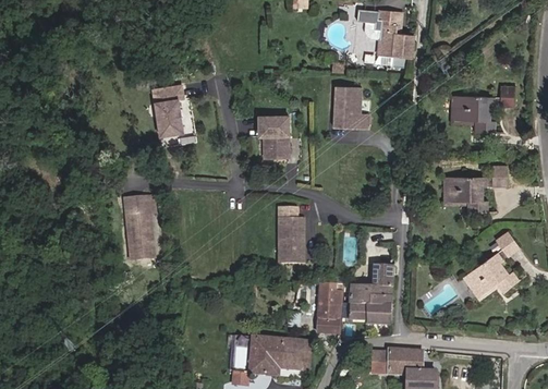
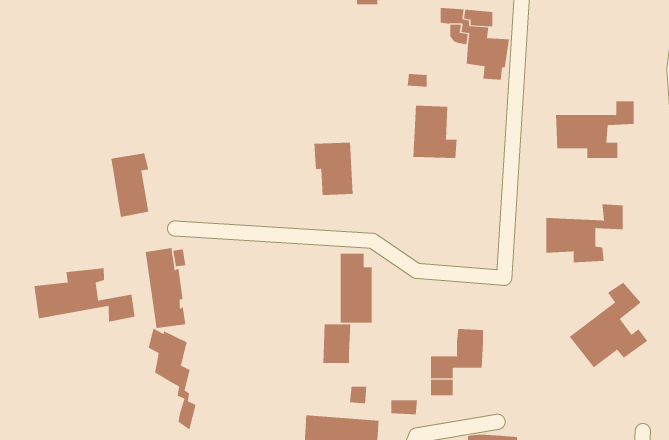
building: [150,89,181,141] -> [111,153,149,217]
building: none -> [34,267,135,322]
building: none -> [148,328,196,430]
building: [318,282,341,314] -> [322,324,351,364]
building: [368,296,391,323] -> none

